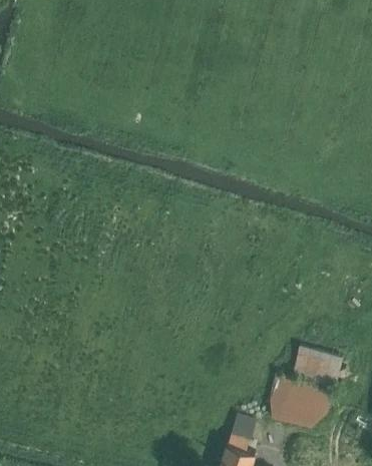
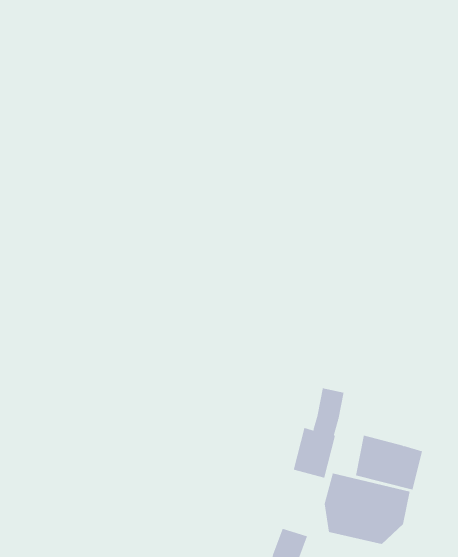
building: none -> [293,387,344,478]

